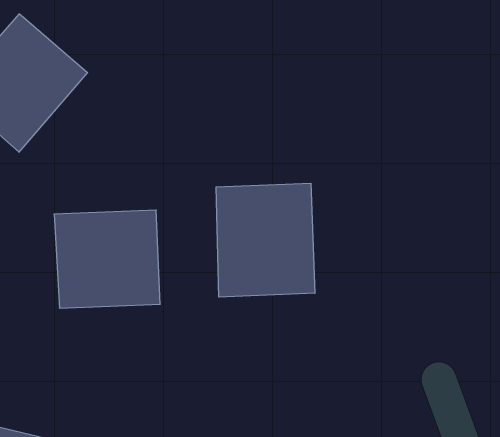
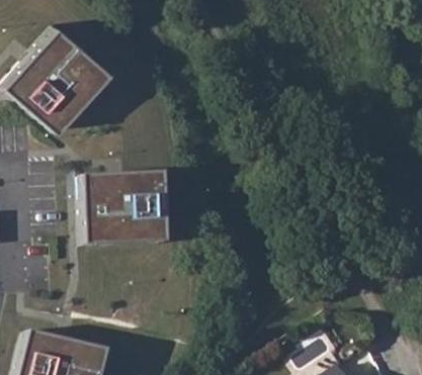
building: [216,183,315,297] -> none

